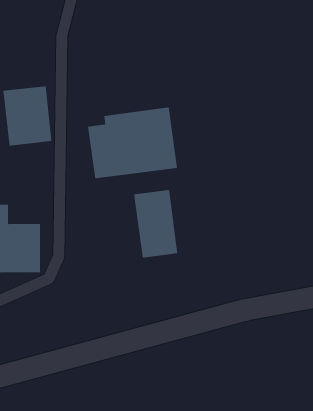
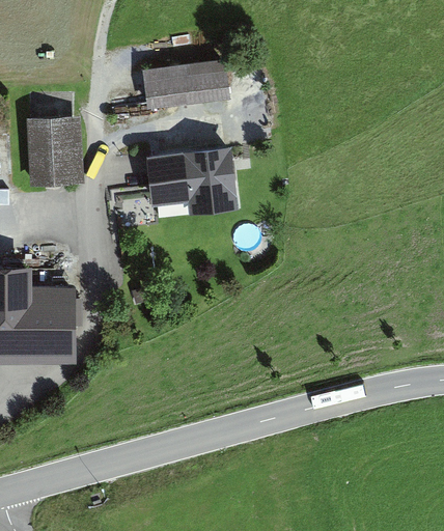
building: none -> [142,61,229,108]
building: [134,189,178,259] -> none

